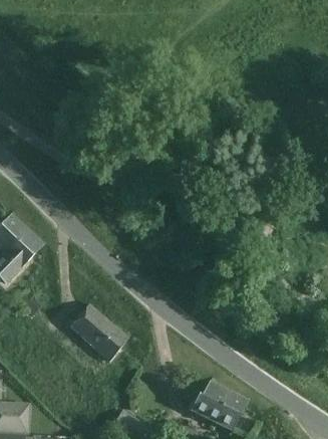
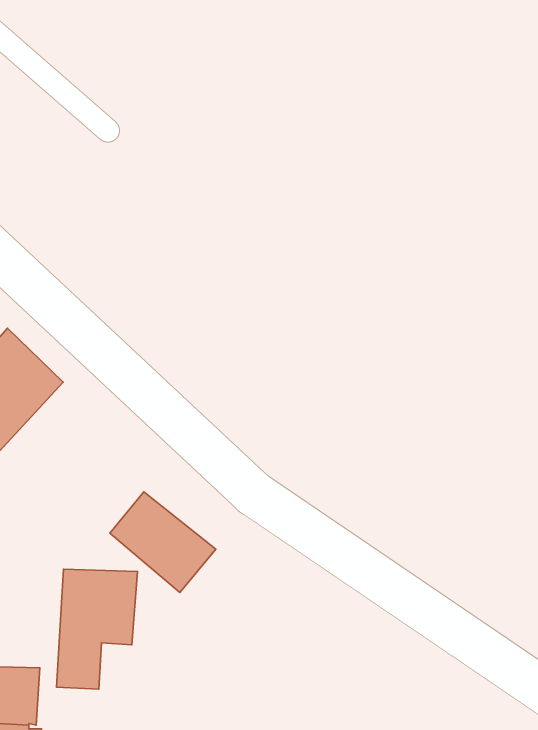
building: none -> [57,569,137,689]
building: [192,382,247,429] -> none

